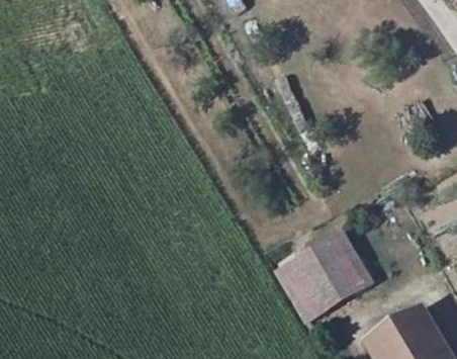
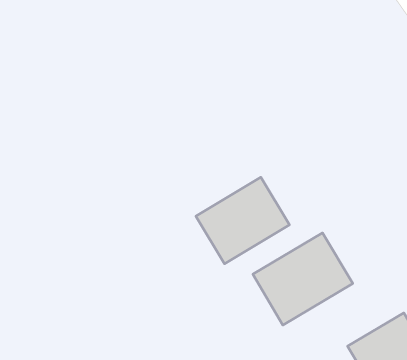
building: none -> [196,177,289,264]

